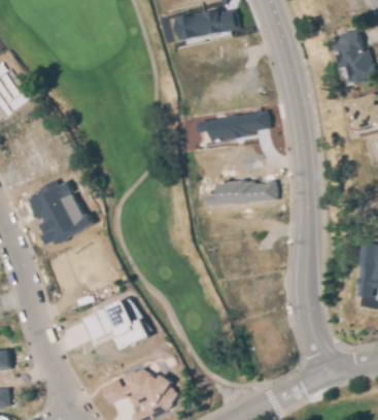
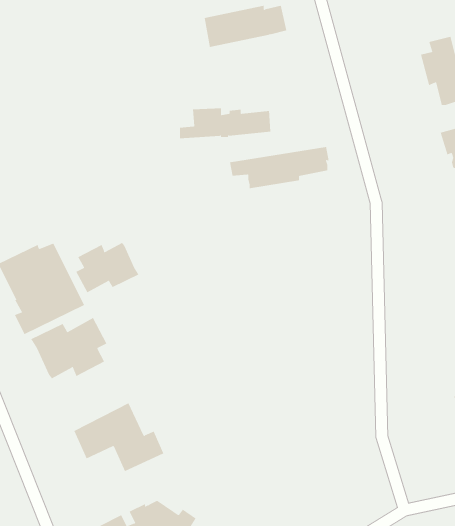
building: none -> [76,242,139,293]
building: [208,182,275,204] -> [179,108,271,139]
building: none -> [31,317,107,379]

